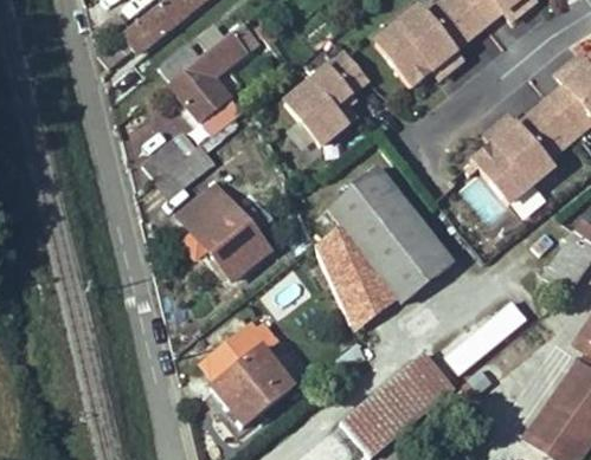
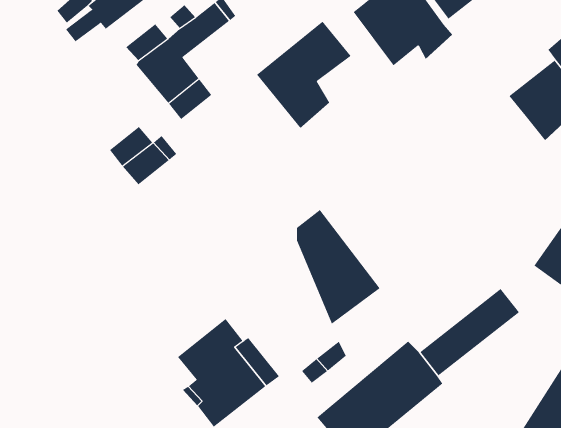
building: [470,110,558,203] -> none
building: [328,163,455,302] -> none
building: [178,179,275,283] -> none

